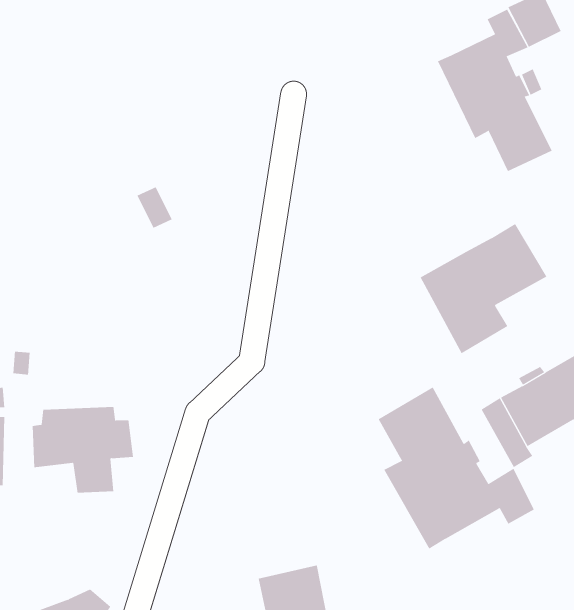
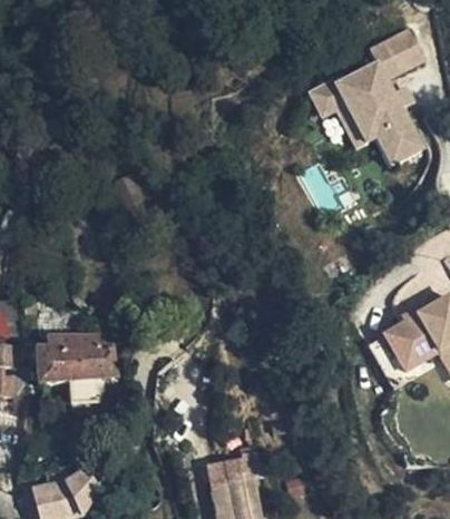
building: none -> [312,70,365,143]
building: [420,223,547,354] -> none
building: [378,387,535,549] -> none

